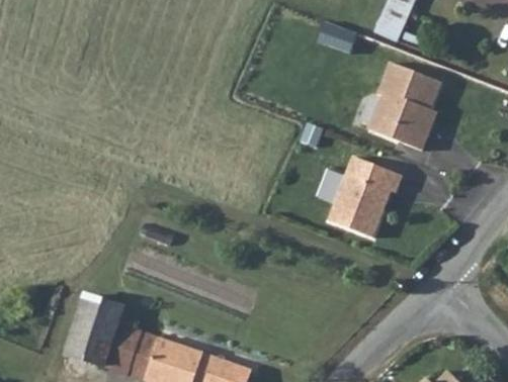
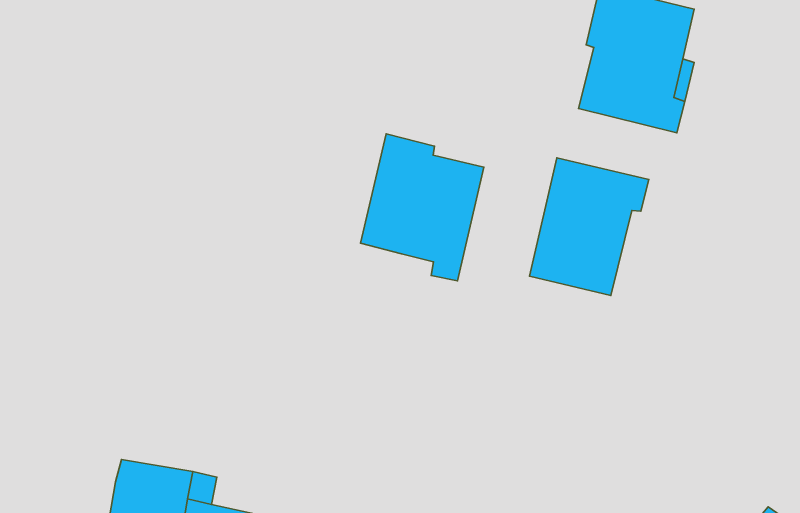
building: none -> [361,134,484,281]

